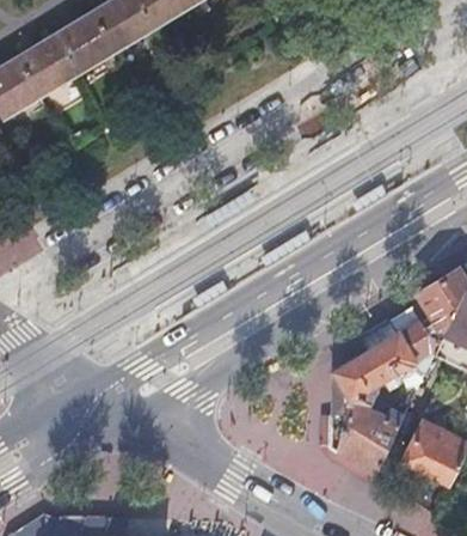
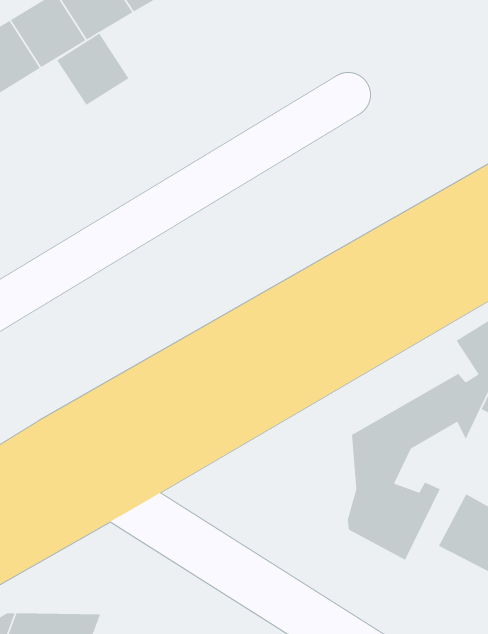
building: none -> [56,33,129,106]

